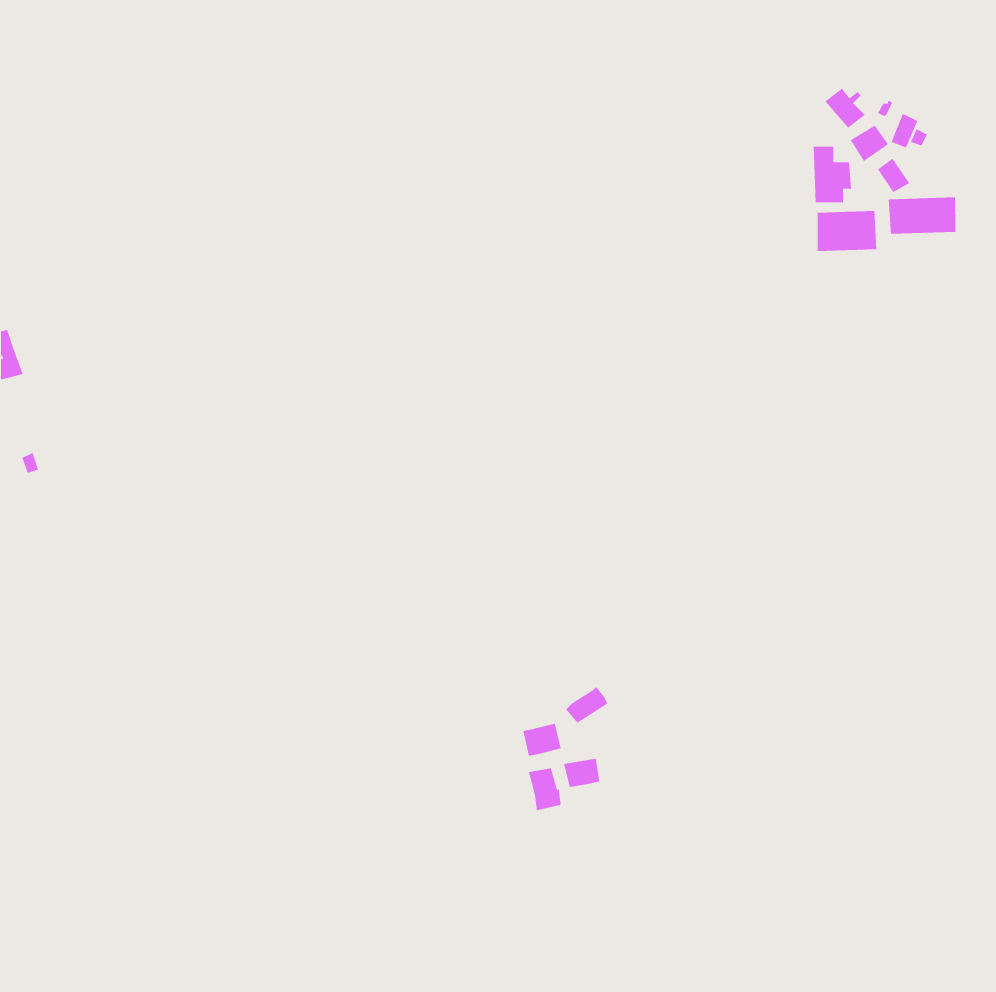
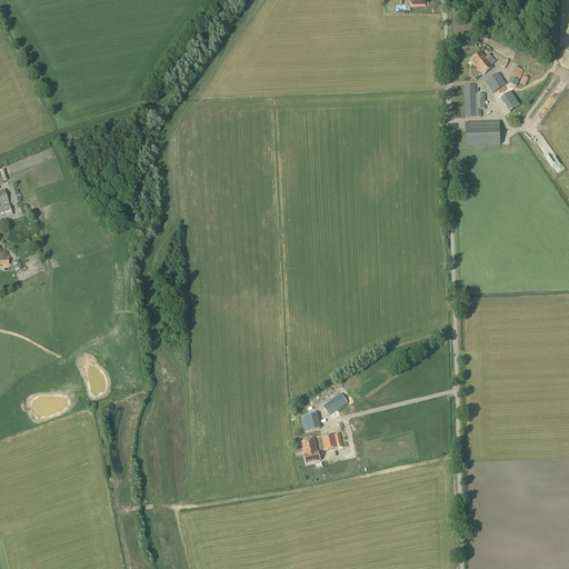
building: [888,197,956,234] -> none

